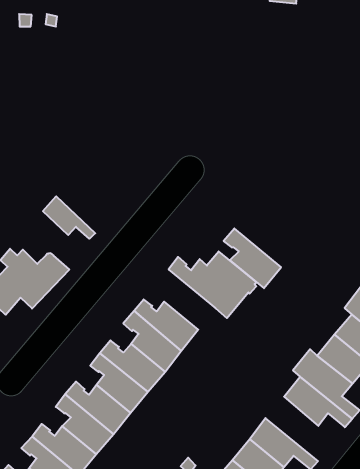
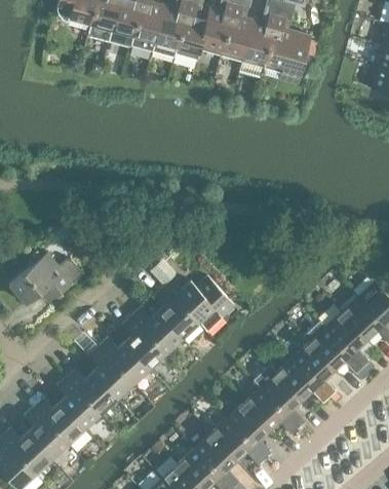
building: [43,196,95,239] -> none
building: [224,228,281,288] -> [155,286,199,338]
building: none -> [228,403,273,459]

